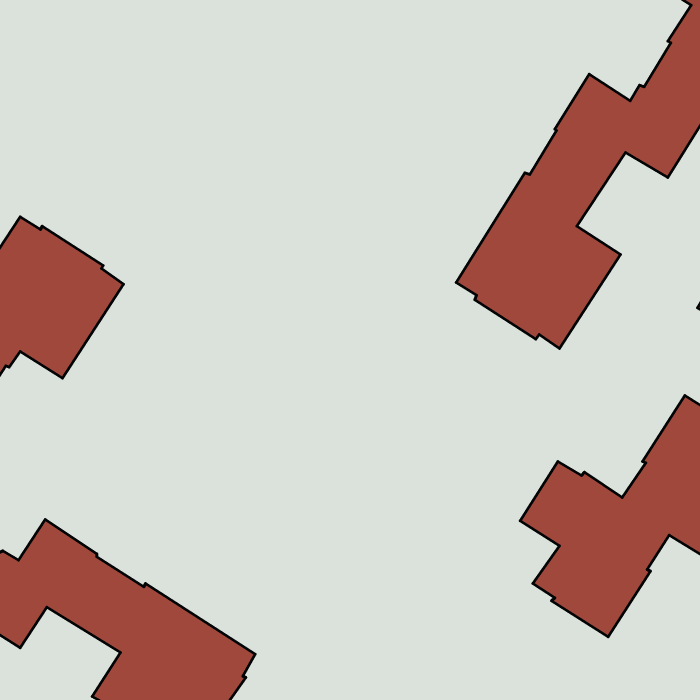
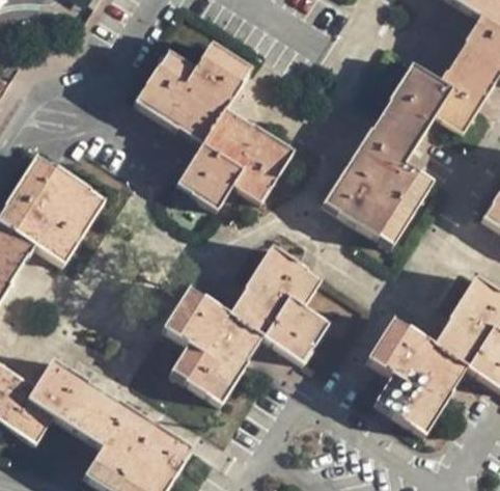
building: none -> [136,43,294,208]
building: none -> [164,244,330,404]

